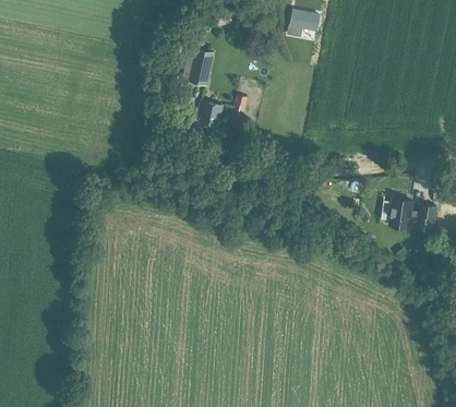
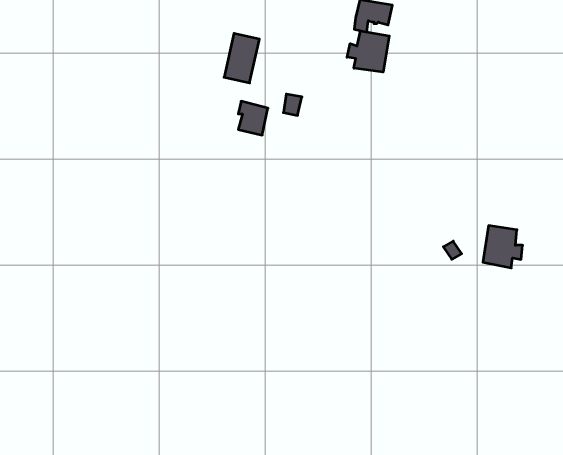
building: none -> [347,31,389,72]
building: [415,201,436,229] -> none

